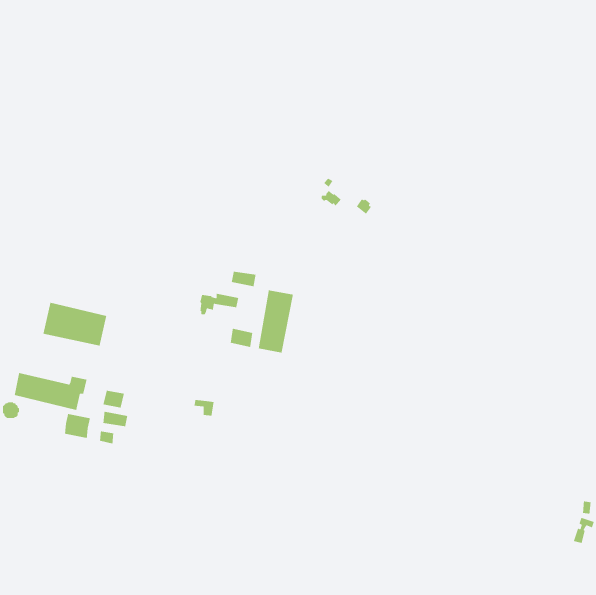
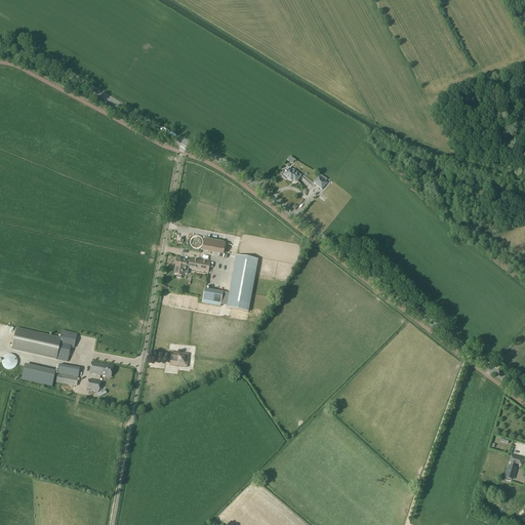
building: [42,302,107,346] -> none
building: none -> [22,363,55,386]

